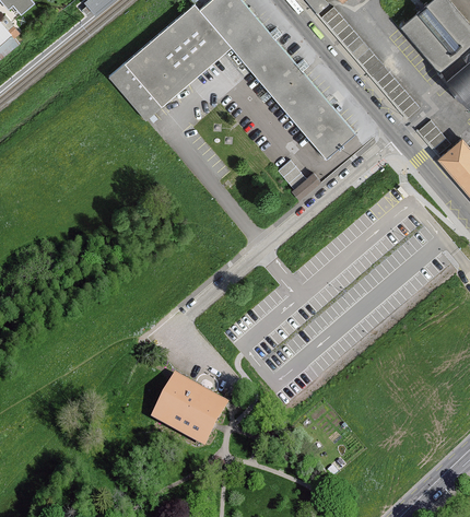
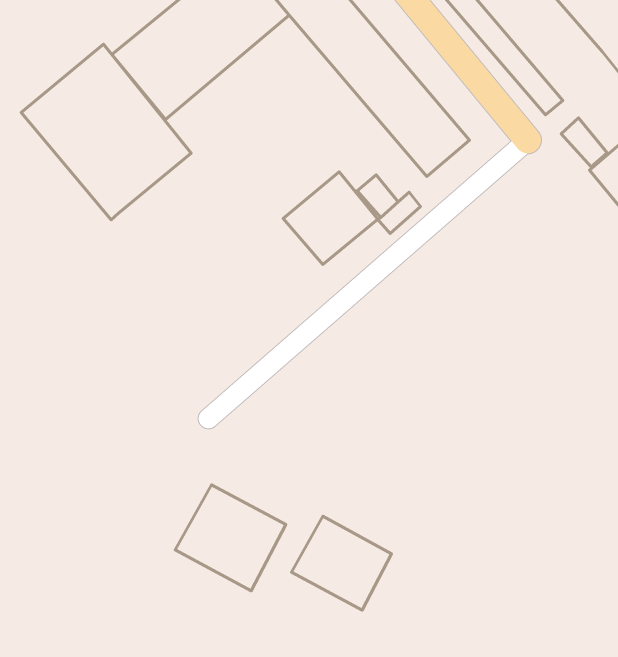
building: none -> [21,44,191,220]
building: none -> [283,172,378,264]
building: none -> [292,516,391,610]

